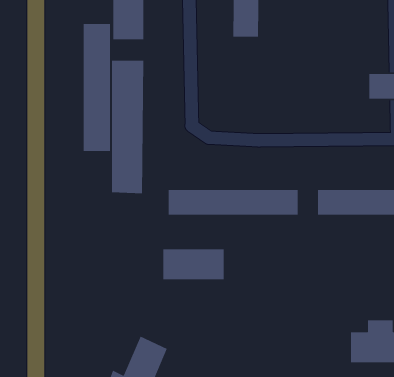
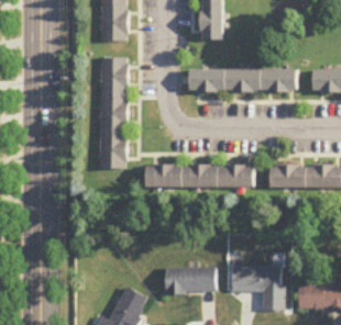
building: [83,23,111,152] -> none
building: none -> [188,68,297,91]
building: [163,249,225,280] -> [164,267,216,293]
building: none -> [231,266,284,310]

